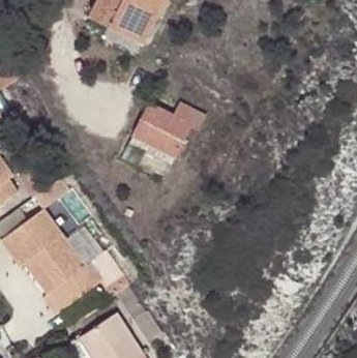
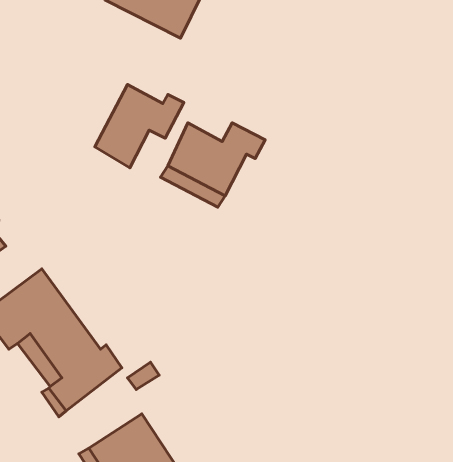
building: none -> [95,85,184,168]

